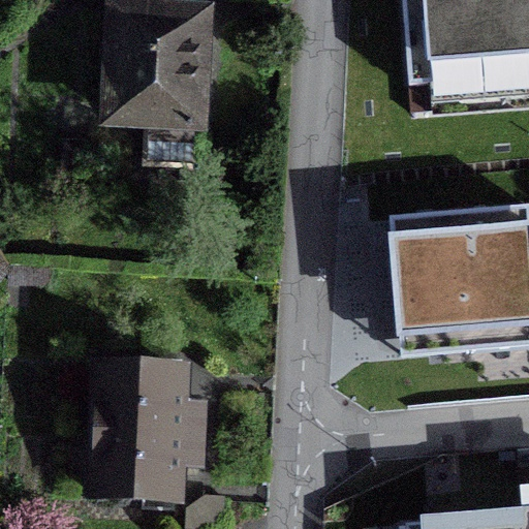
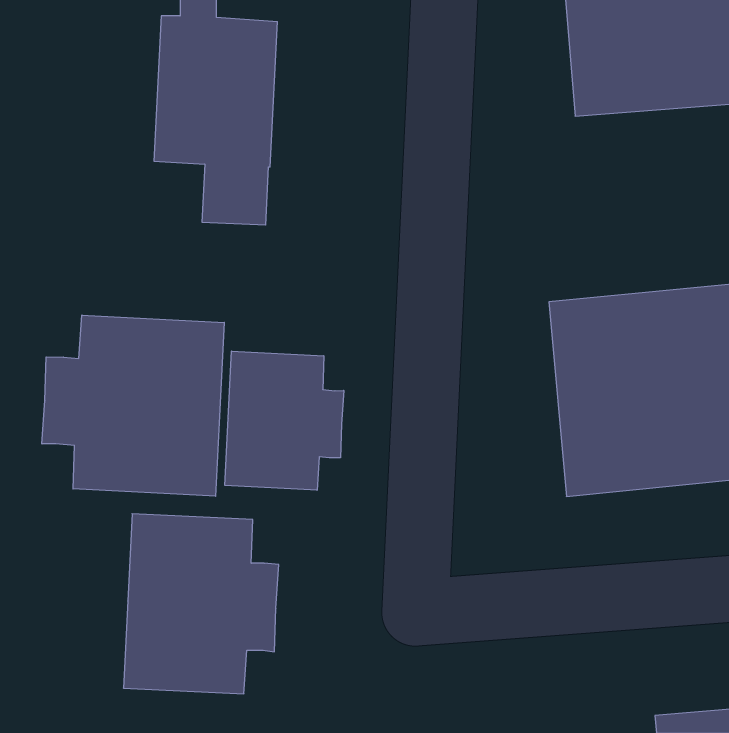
building: none -> [42,315,224,496]
building: none -> [225,351,344,490]

